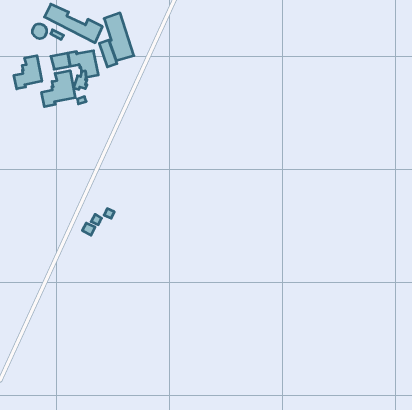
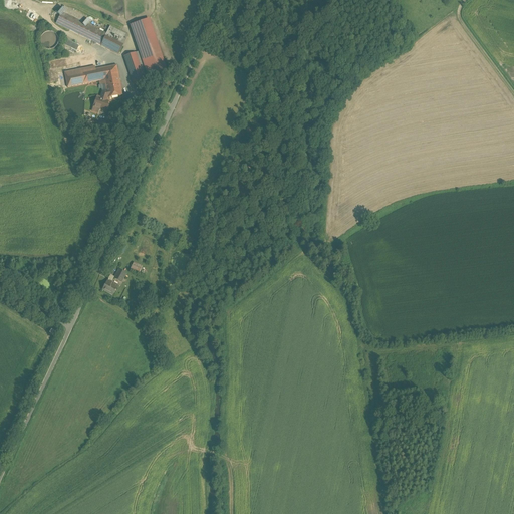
building: [14,56,42,89] -> none
building: [42,71,75,107] -> none

